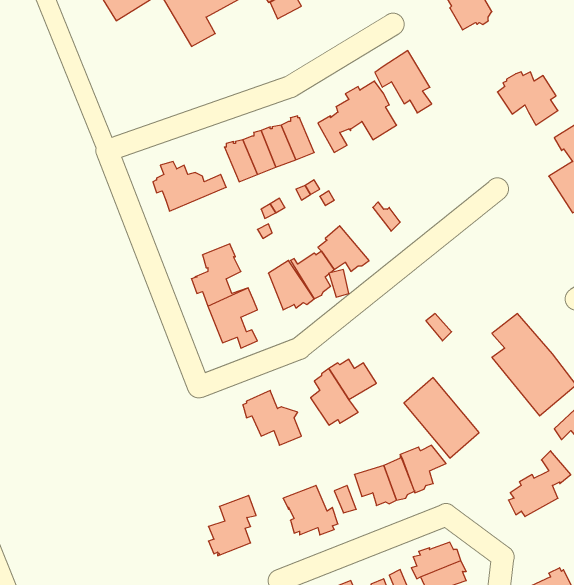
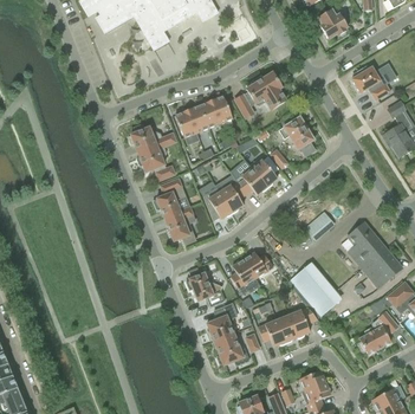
building: [375,51,432,113] -> [279,116,316,156]
building: none -> [137,141,176,181]
building: none -> [249,156,279,188]
building: [208,495,256,556] -> [207,303,238,342]

